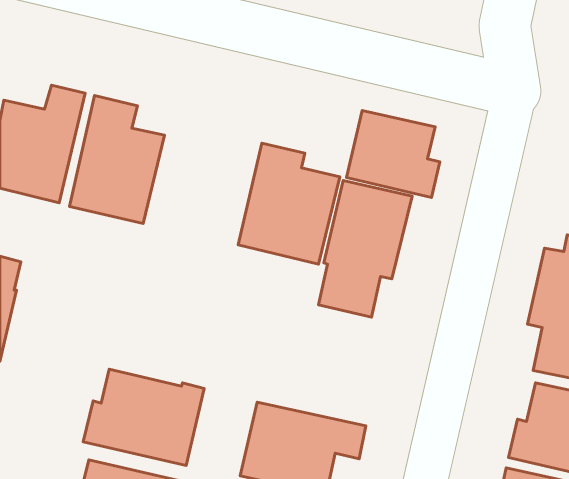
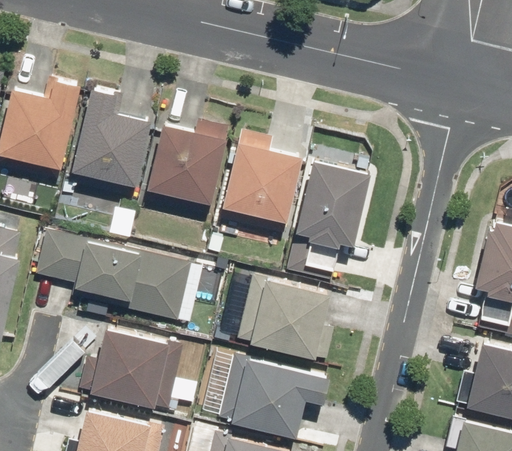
building: [346,110,440,198] -> none
building: none -> [143,118,233,217]
building: none -> [37,228,194,320]
building: none -> [237,275,336,363]

